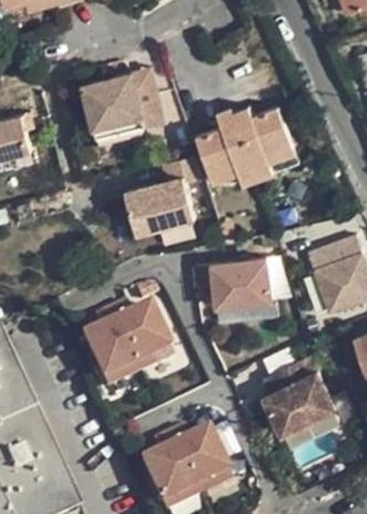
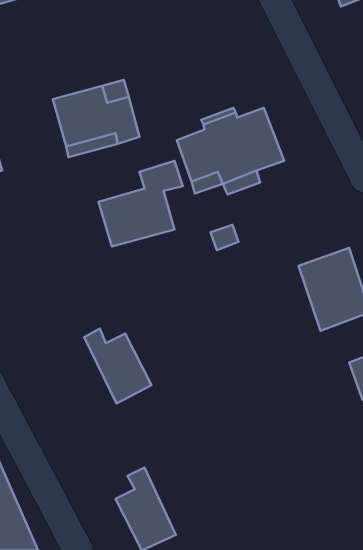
building: [196,263,272,312] -> none
building: [83,316,139,393] -> none
building: [261,355,333,434] -> none
building: [165,429,226,498] -> none

